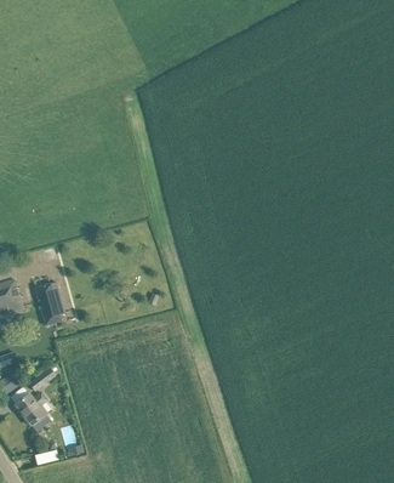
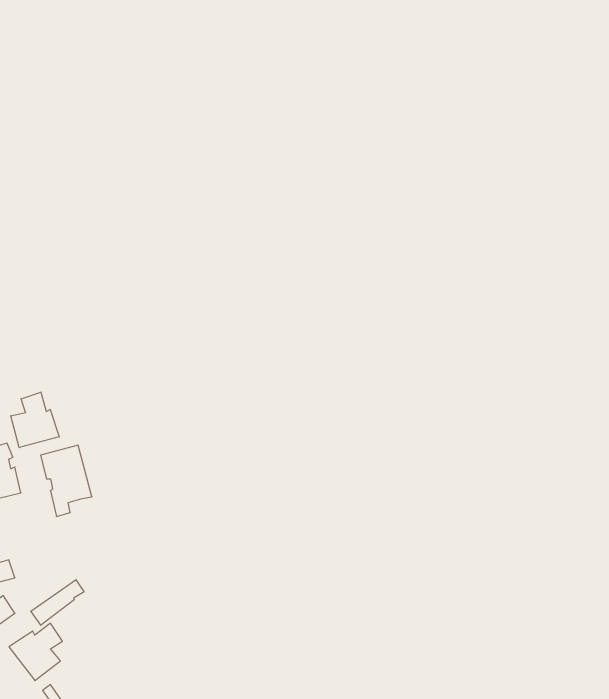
building: none -> [11,392,59,448]

